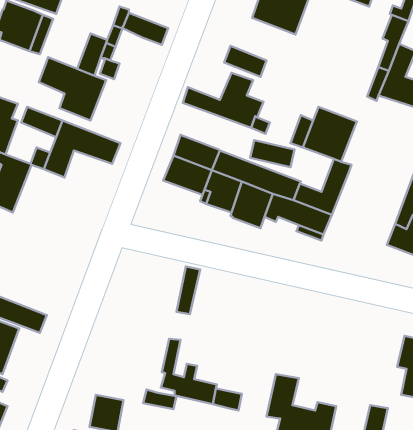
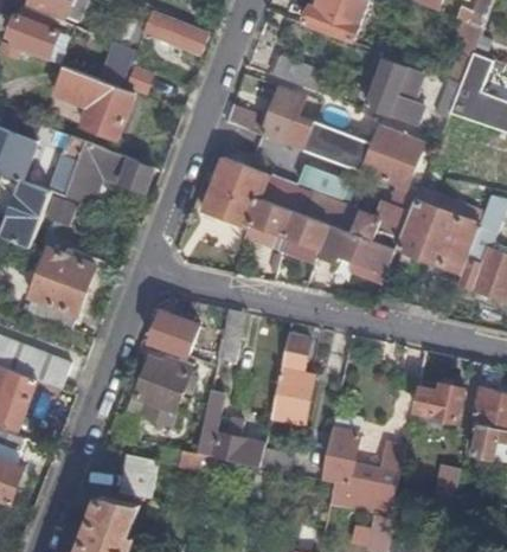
building: none -> [366,60,422,124]
building: none -> [396,201,462,267]
building: none -> [24,249,95,329]
building: none -> [150,309,199,355]
building: none -> [268,333,310,430]
building: none -> [128,357,192,426]
building: none -> [413,381,462,421]

